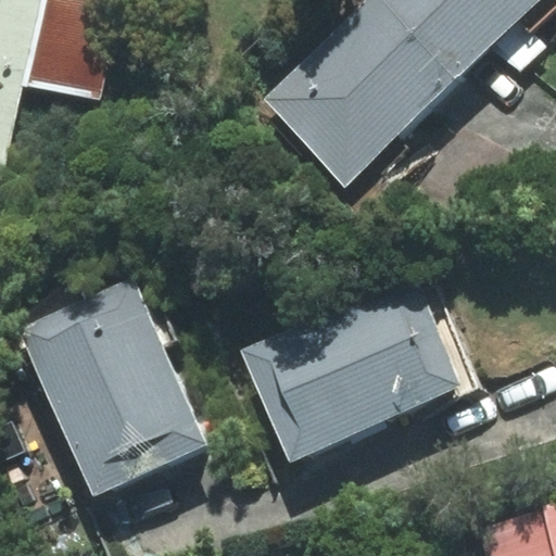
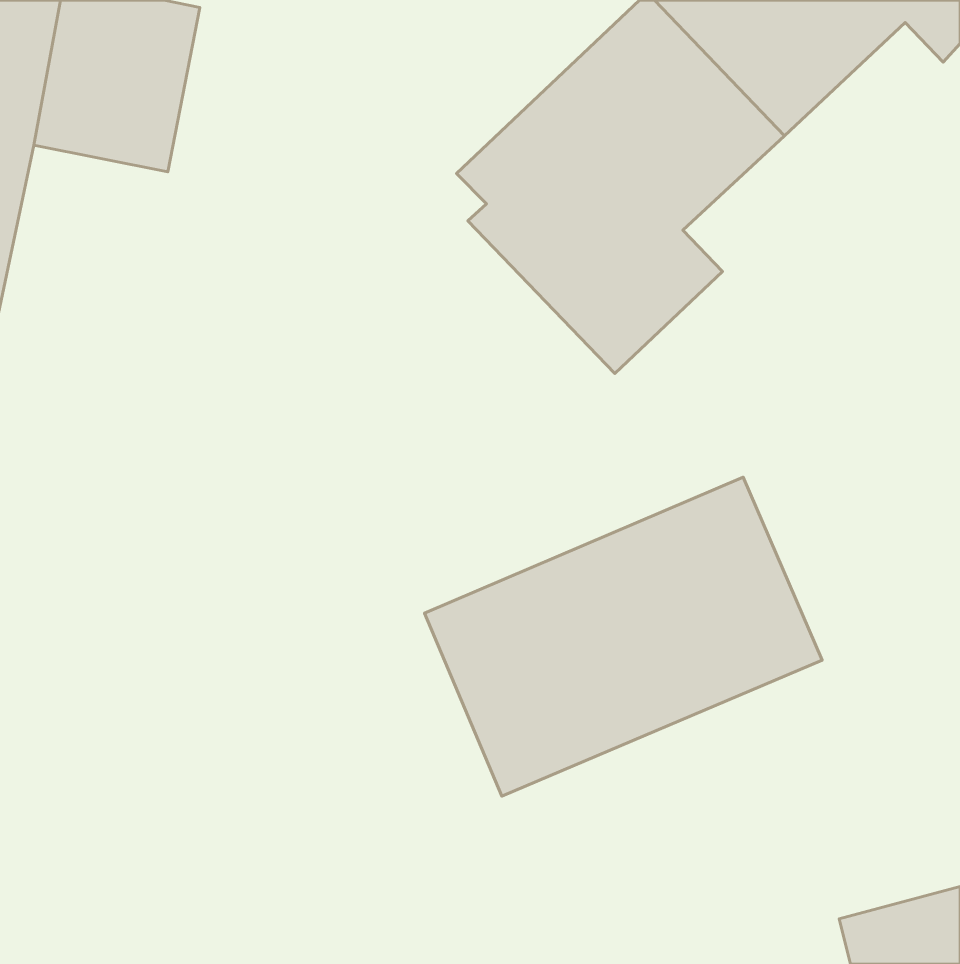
building: [20,280,204,494] -> none

